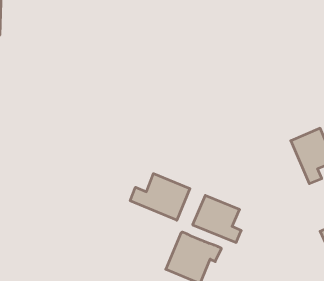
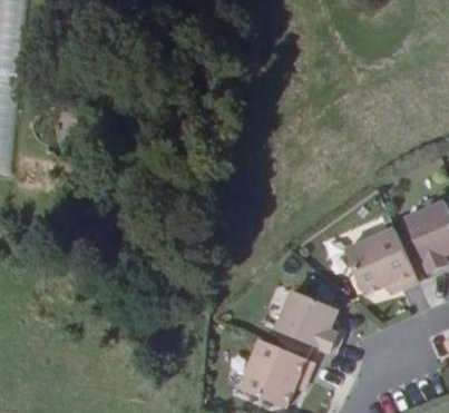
building: none -> [343,228,414,295]
building: [130,174,190,220] -> none

